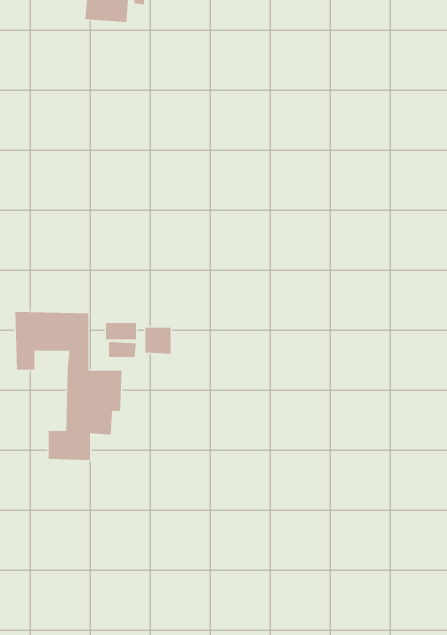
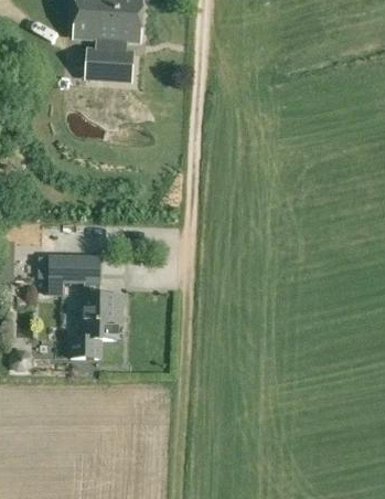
building: none -> [85,49,131,79]

